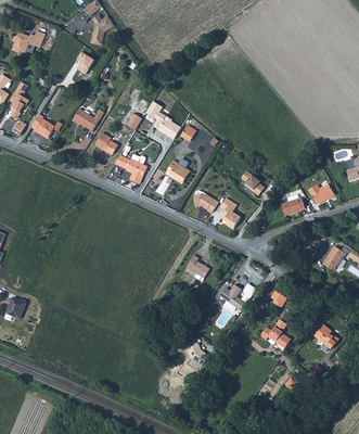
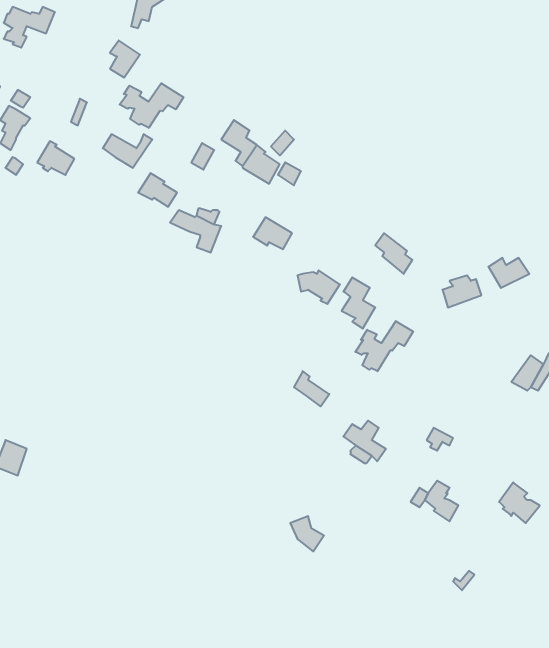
building: none -> [120,83,183,128]
building: none -> [355,321,413,371]

